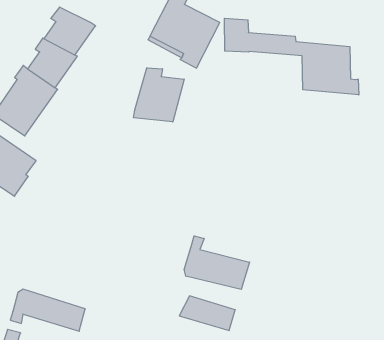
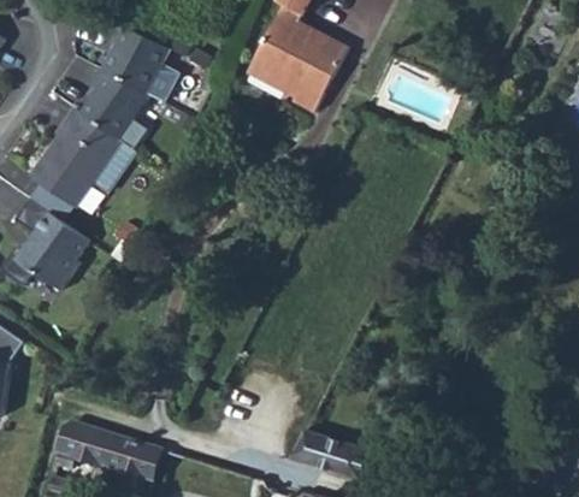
building: [224,18,359,95] -> none
building: [134,68,184,122] -> none
building: [184,236,250,289] -> none

